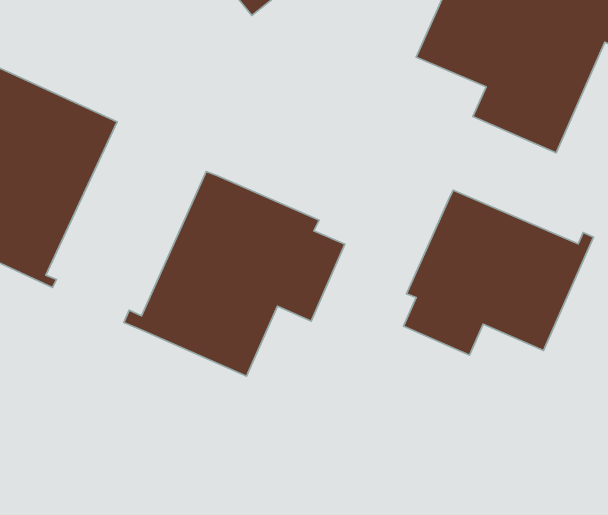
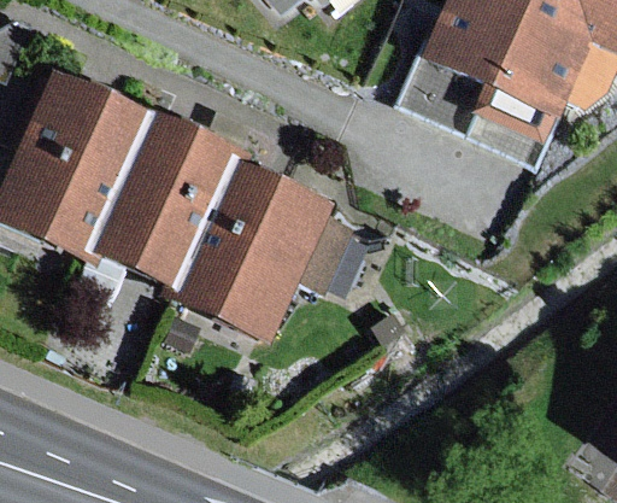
building: none -> [92,111,249,288]
building: [404,190,593,355] -> none

